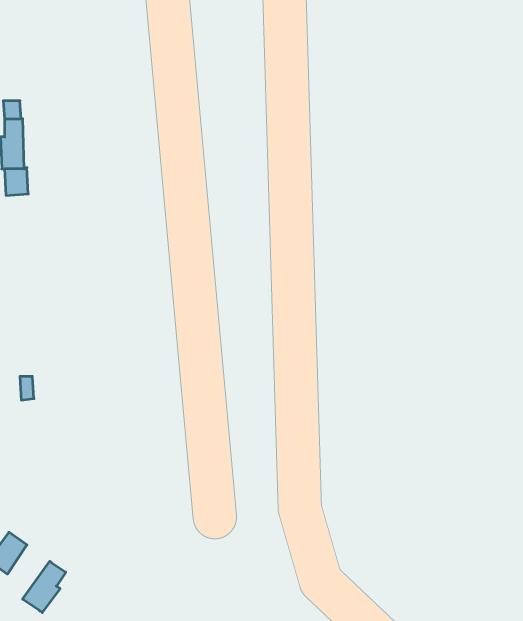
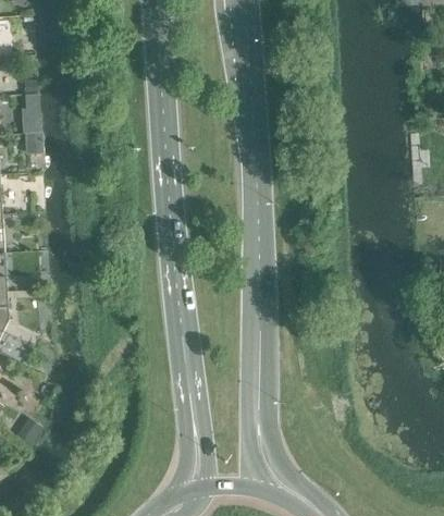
building: [23,561,66,613] -> none

